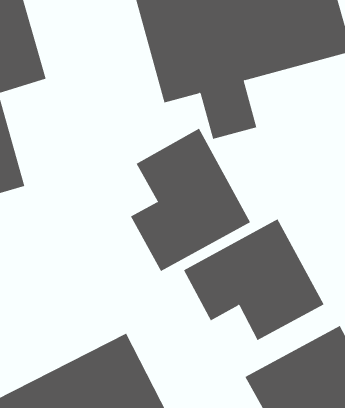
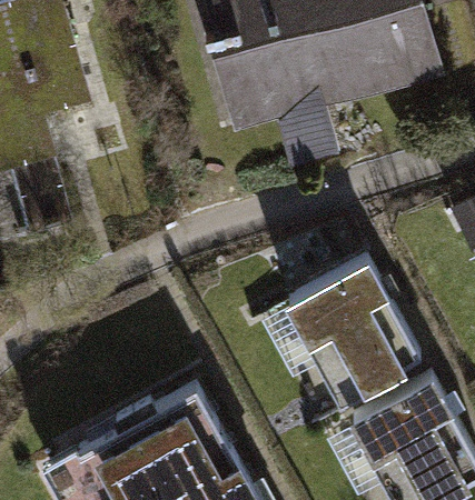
building: [130,128,251,272] -> none

